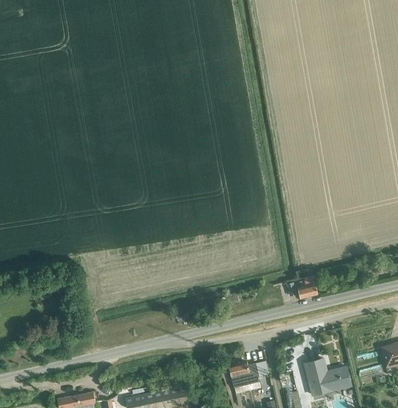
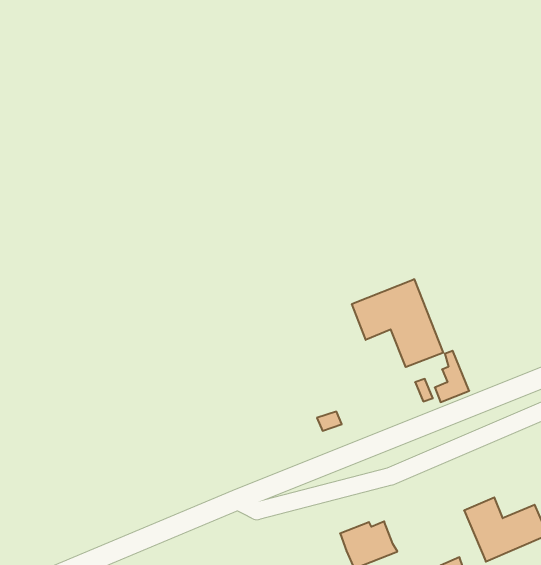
building: none -> [352,279,443,367]

